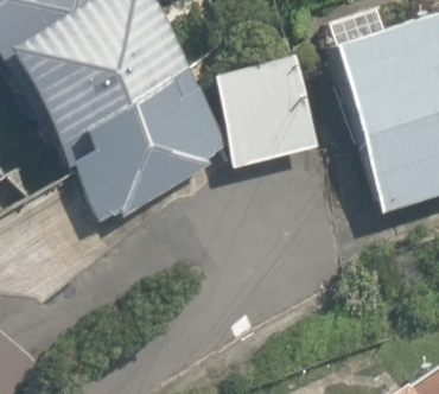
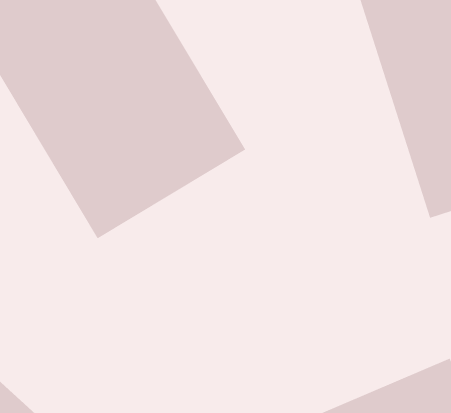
building: [196,30,322,165] -> none

